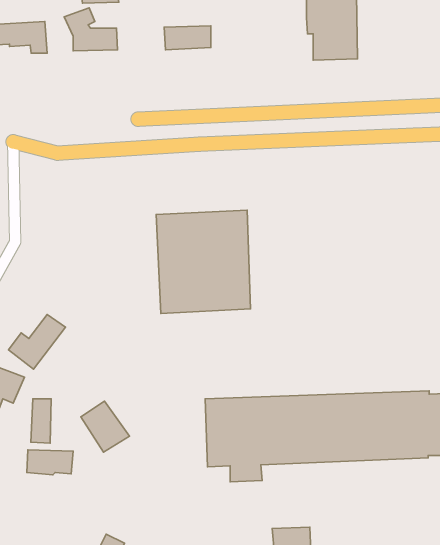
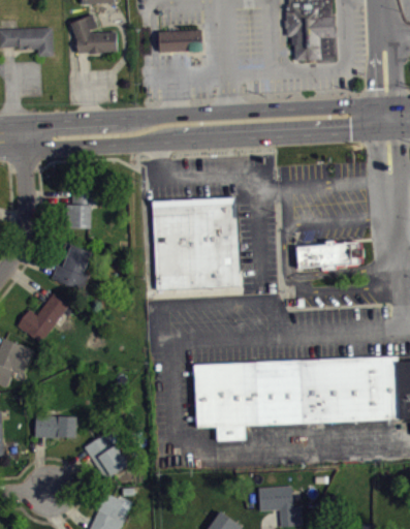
building: none -> [65,192,96,227]
building: none -> [52,241,92,289]
building: none -> [295,241,362,270]
building: [31,399,51,443] -> none
building: [81,401,130,452] -> [84,431,128,477]

